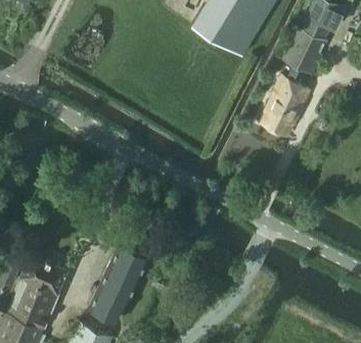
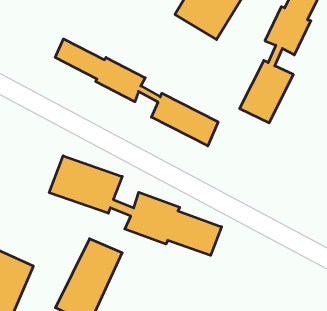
building: none -> [55,39,218,146]
building: none -> [49,156,222,255]

